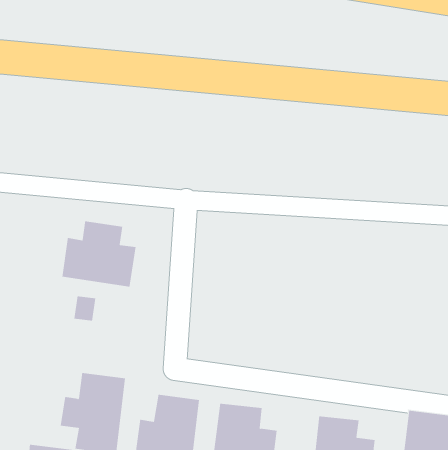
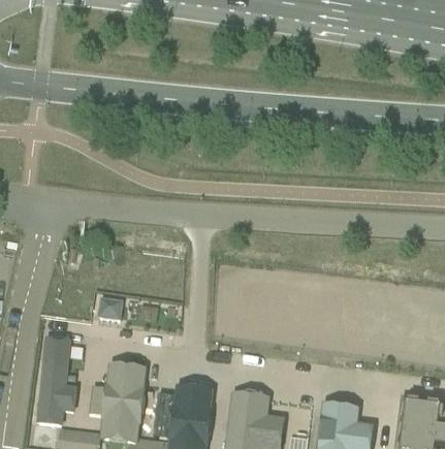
building: [62,221,136,288] -> none
building: none -> [38,340,78,424]

